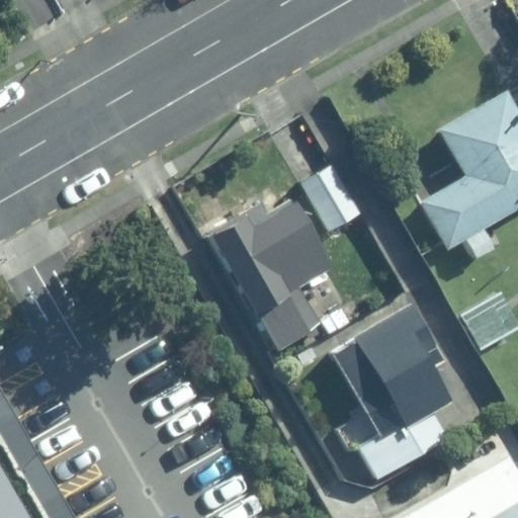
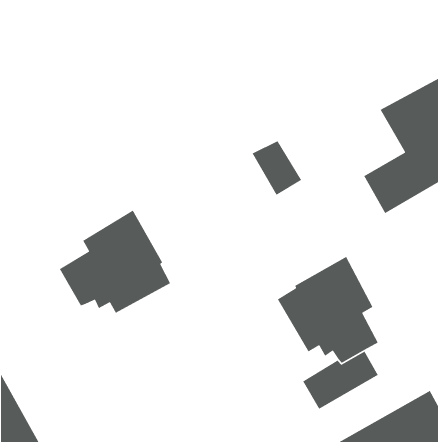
building: [207,199,332,352] -> none
building: none -> [59,209,171,314]

